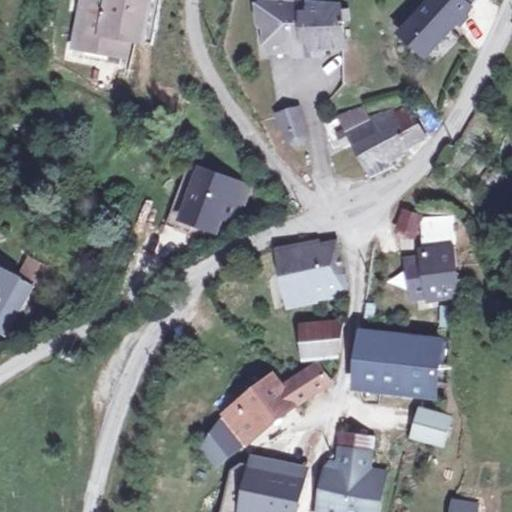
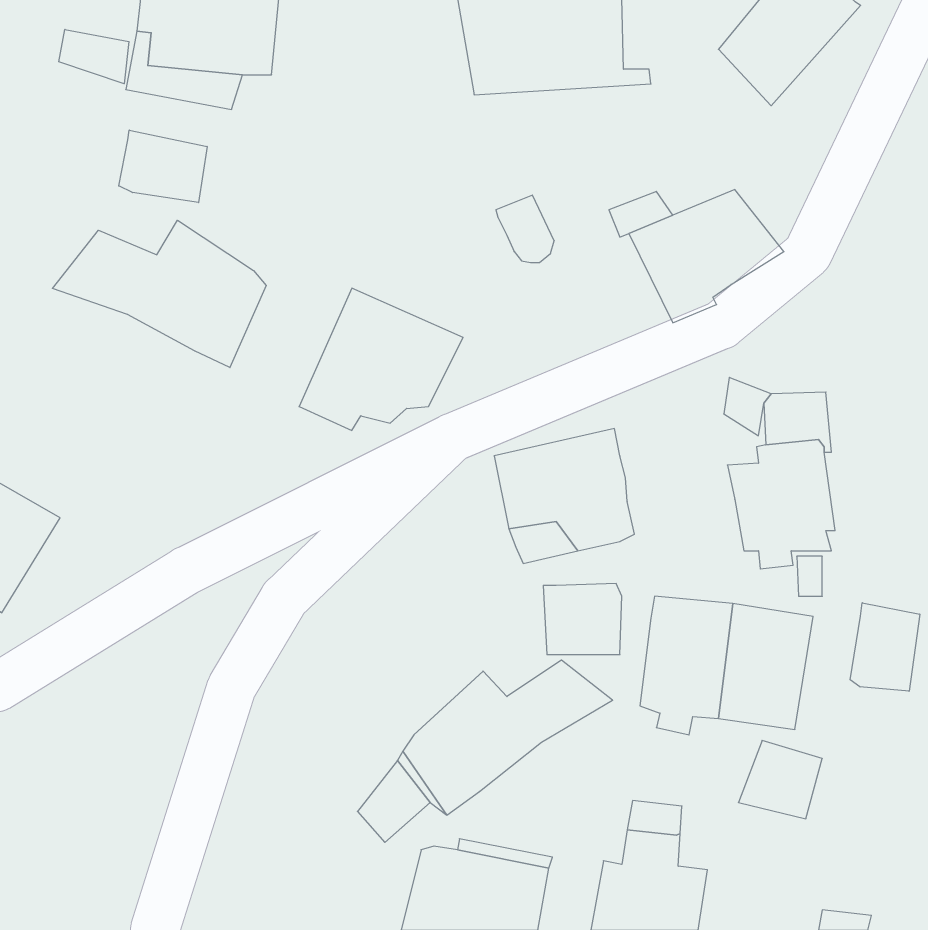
building: none -> [59,29,129,84]
building: none -> [119,130,207,203]
building: none -> [52,220,266,368]
building: none -> [850,603,920,691]

